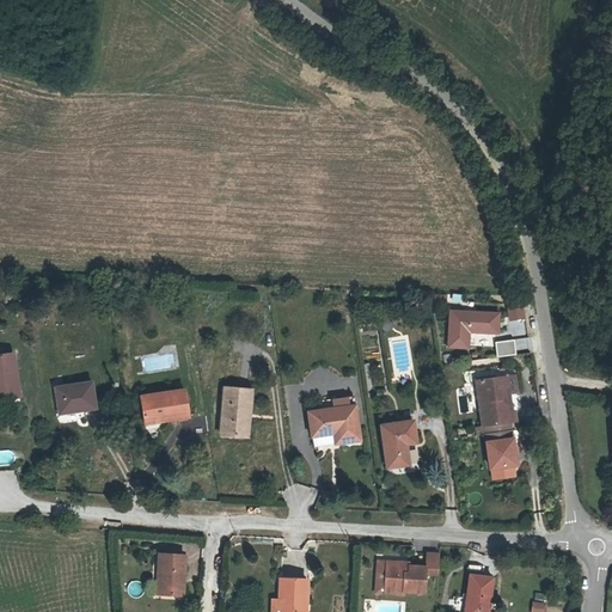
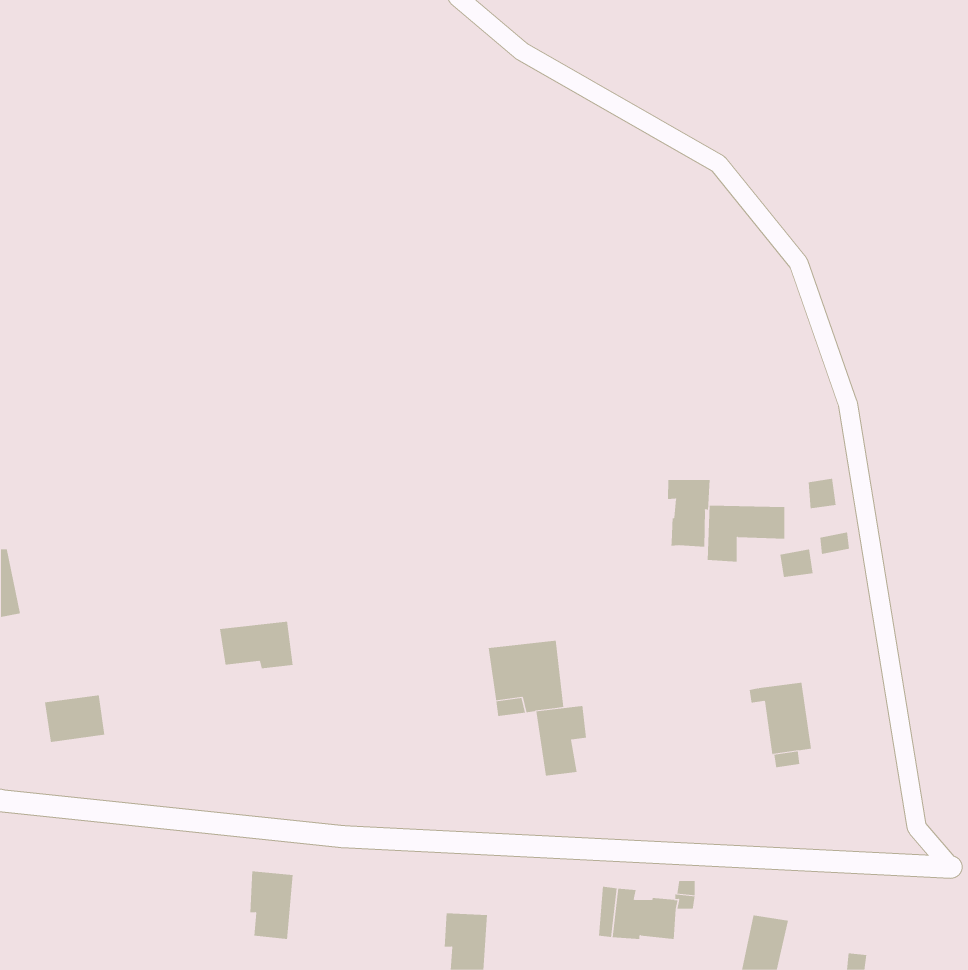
building: none -> [667,479,710,548]
building: [56,377,94,406] -> [44,695,105,742]
building: [472,382,513,432] -> none
building: [220,388,253,436] -> none
building: [381,427,414,471] -> [536,706,587,776]

